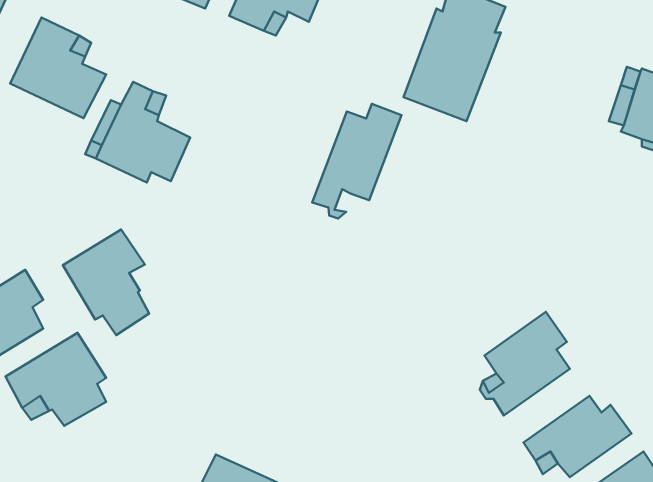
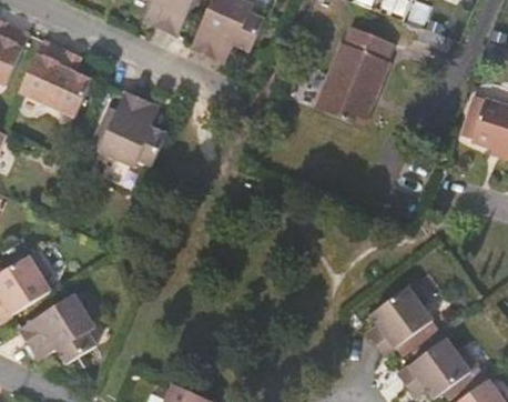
building: [312,104,401,219] -> none
building: [63,230,149,335] -> none

